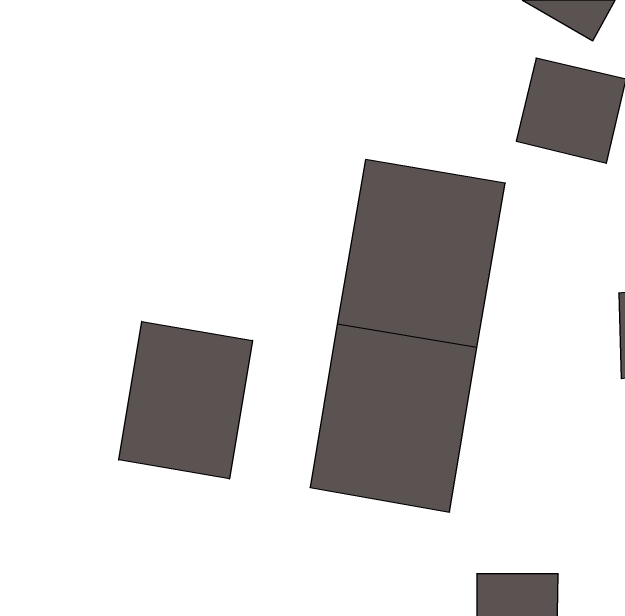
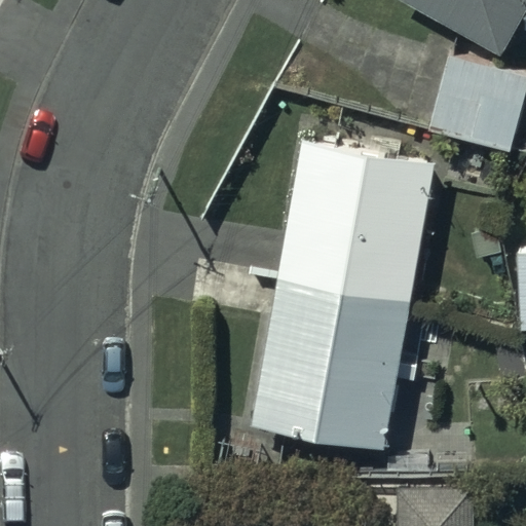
building: [119,321,252,479] -> none

